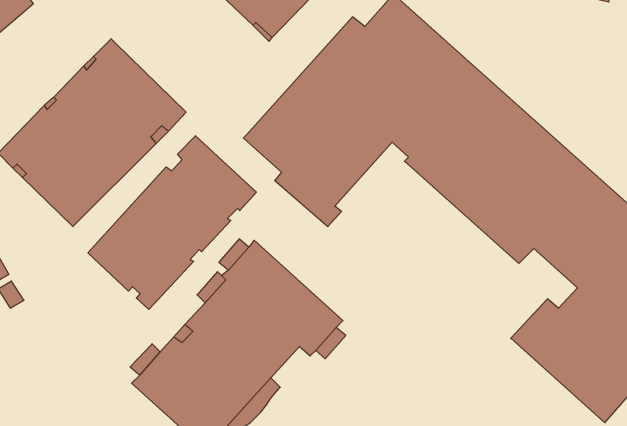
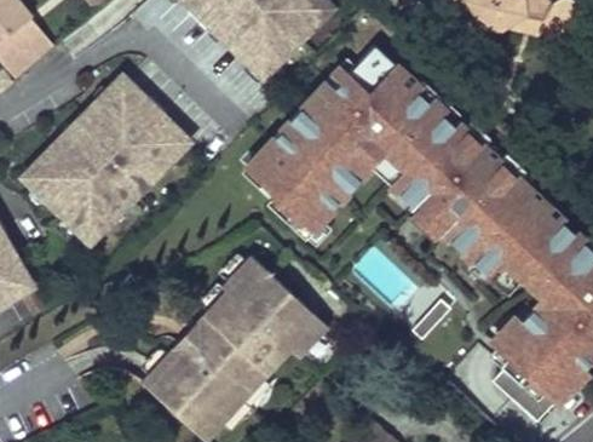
building: [88,136,256,309] -> none

